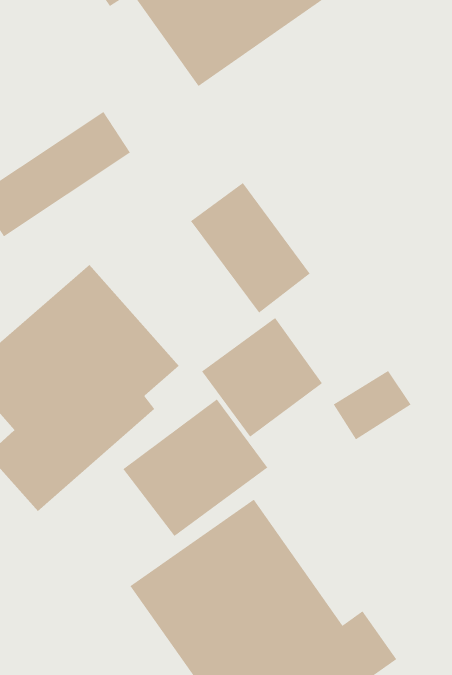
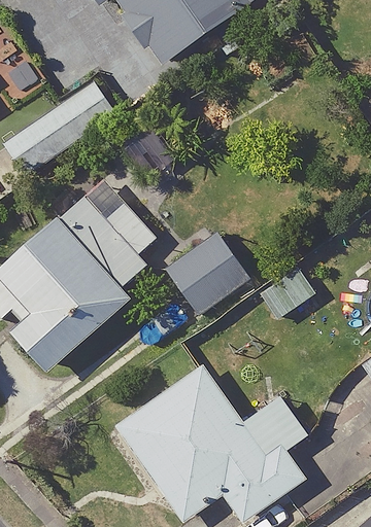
building: [190,182,310,314] -> none
building: [123,398,268,537] -> none

